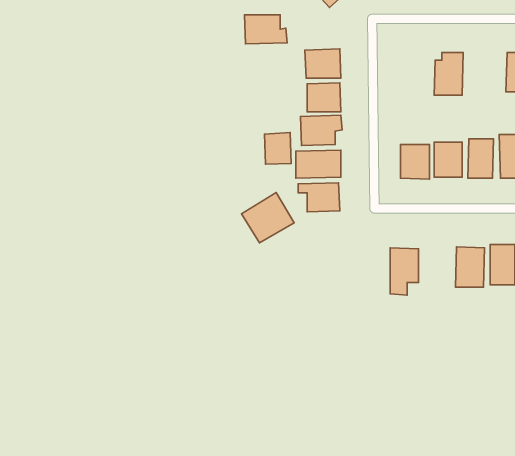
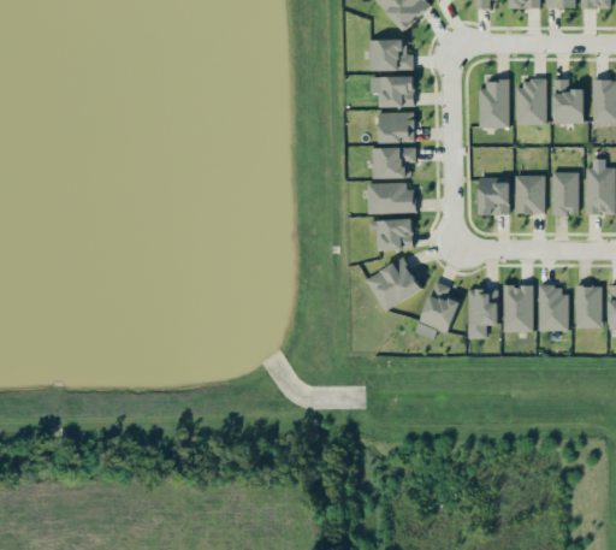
building: [244,15,287,44] -> [368,40,414,71]
building: none -> [553,79,584,124]
building: none -> [480,81,509,129]
building: [265,133,291,164] -> none
building: [241,192,294,243] -> [366,258,422,312]
building: none -> [416,282,461,341]
building: none -> [503,285,534,332]

